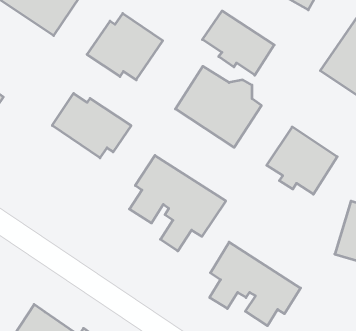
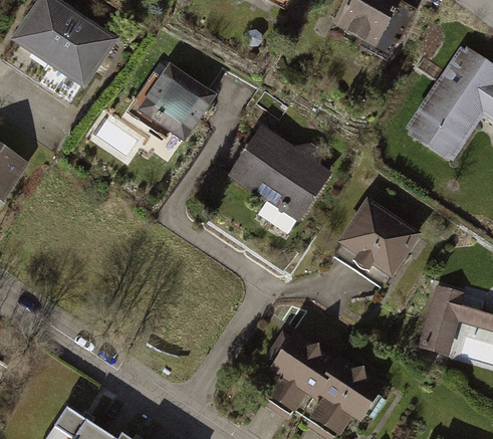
building: [202,11,274,75] -> none
building: [52,93,131,158] -> none
building: [129,155,226,251] -> none

